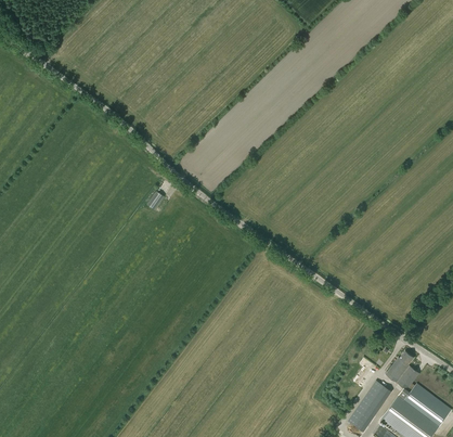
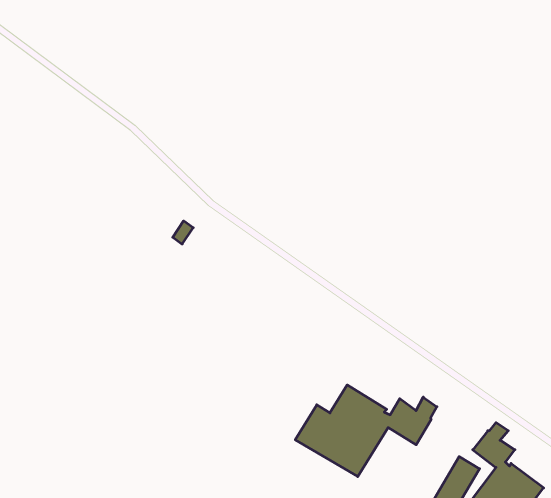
building: none -> [295,385,437,477]

